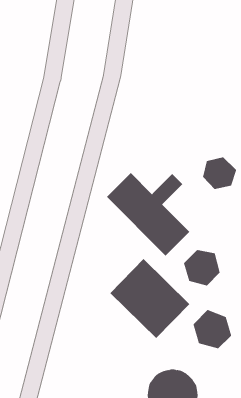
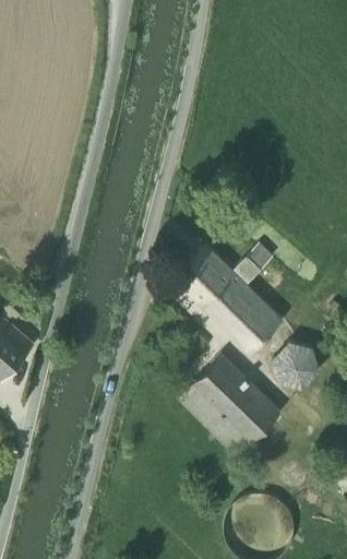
building: [203,157,237,190] -> none
building: [193,309,232,349] -> none

